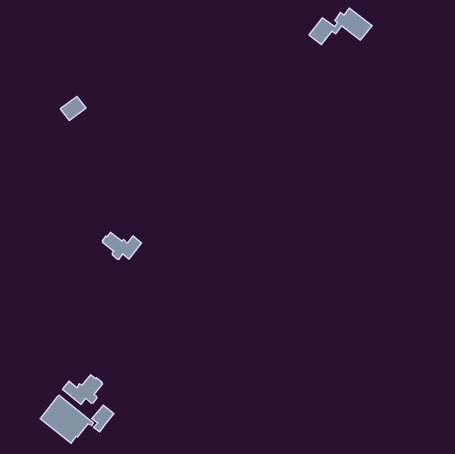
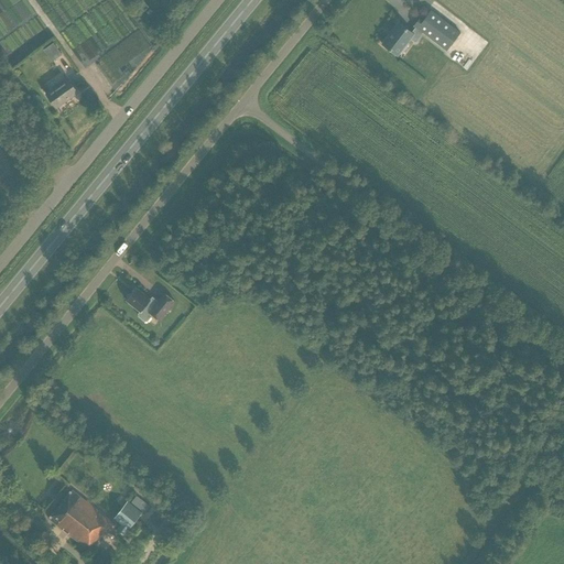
building: [60,96,86,120] -> [46,78,78,108]
building: [63,375,103,404] -> none

